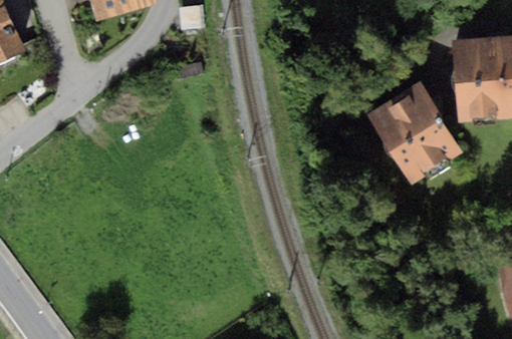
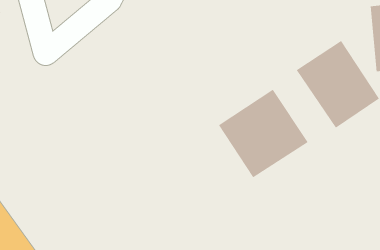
building: none -> [218,89,308,178]

